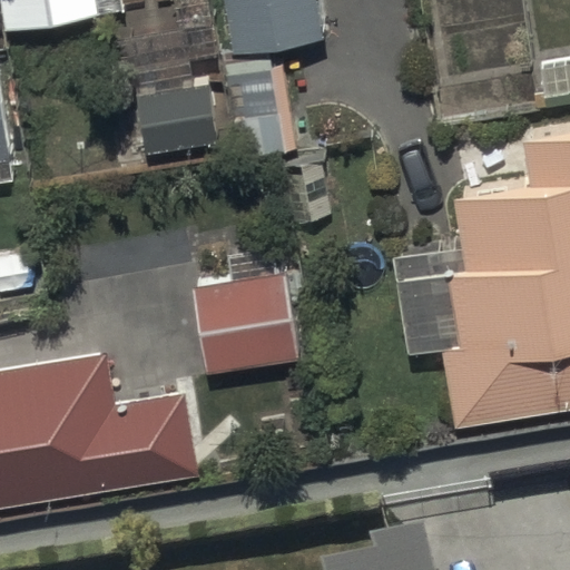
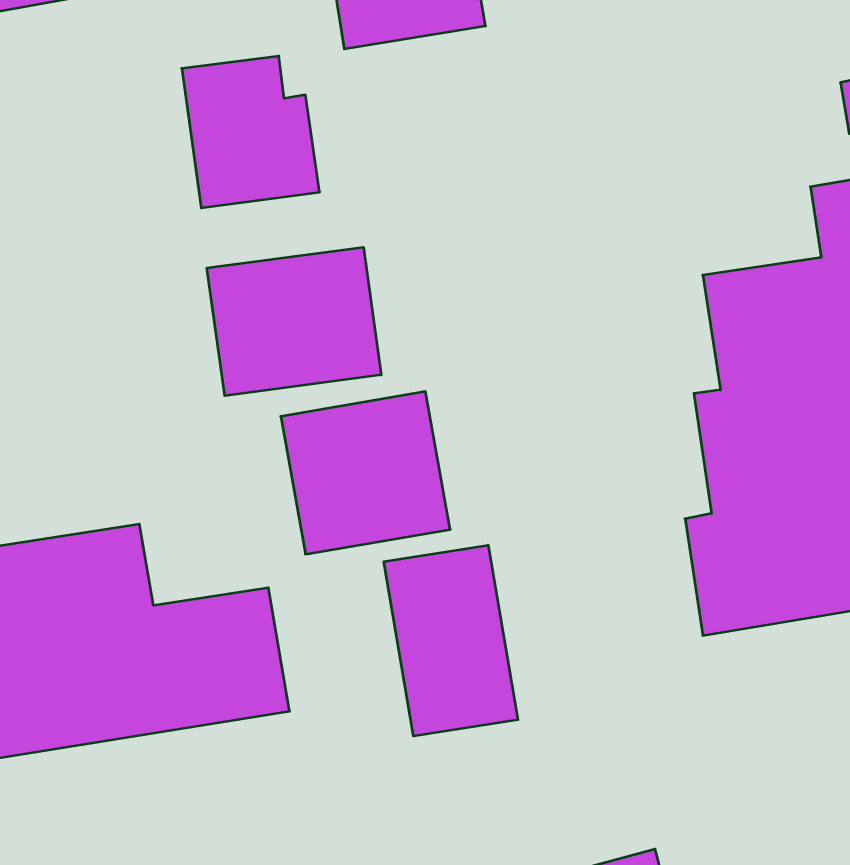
building: none -> [207,247,381,396]
building: none -> [384,545,518,736]

